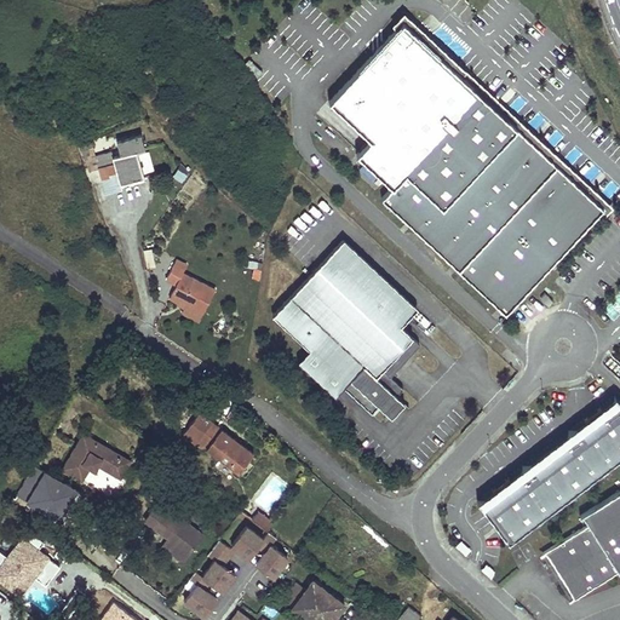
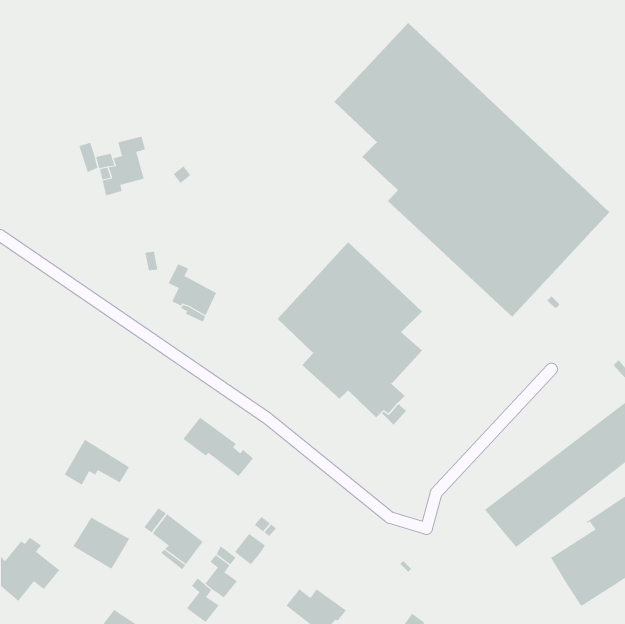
building: [19,466,76,518] -> [72,517,130,569]
building: [249,547,289,579] -> none

